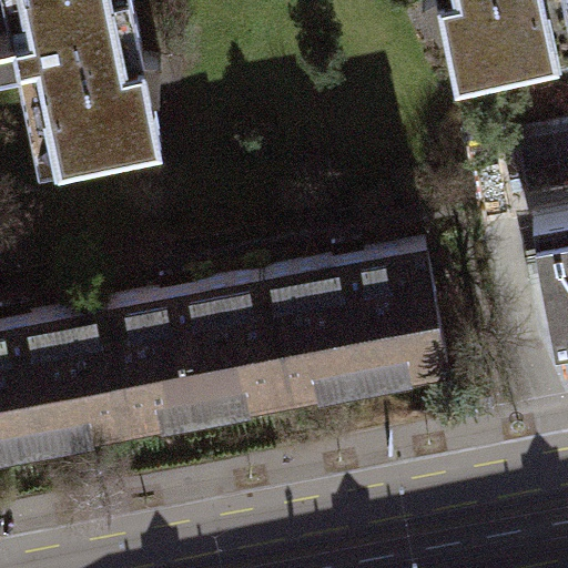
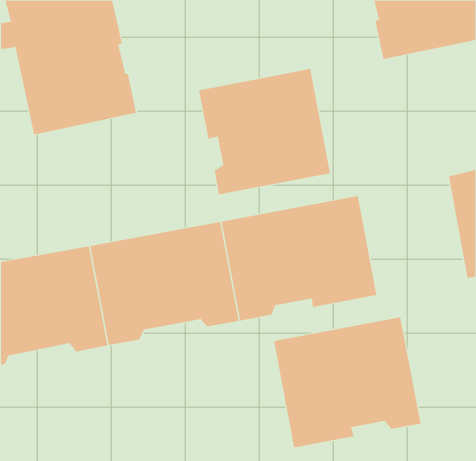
building: none -> [198,68,330,195]
building: none -> [273,317,421,448]

